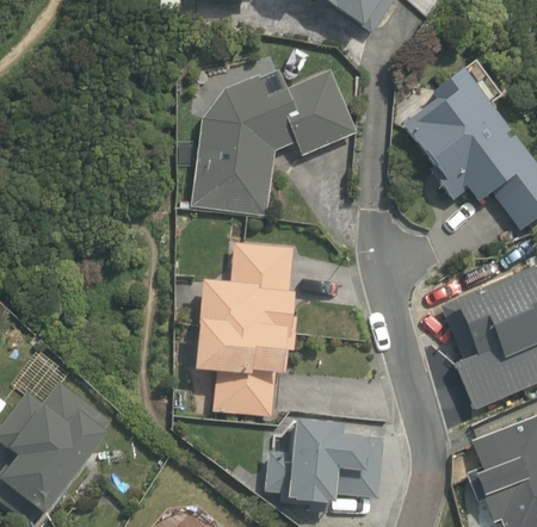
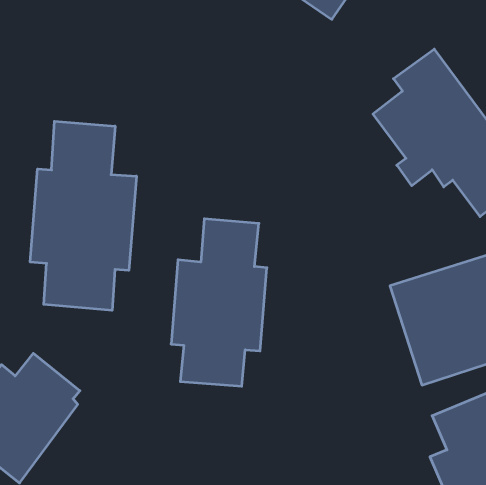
building: [185,68,360,229] -> none
building: none -> [30,121,136,310]
building: [263,413,377,509] -> none

